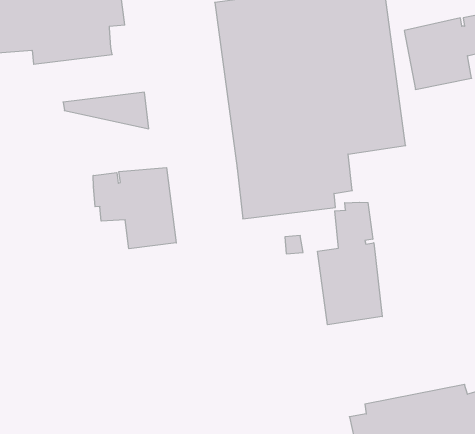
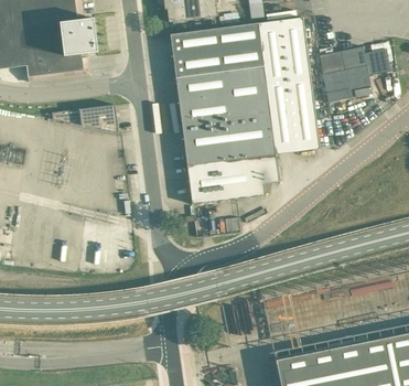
building: [93,168,176,249] -> none
building: [318,202,382,325] -> none

